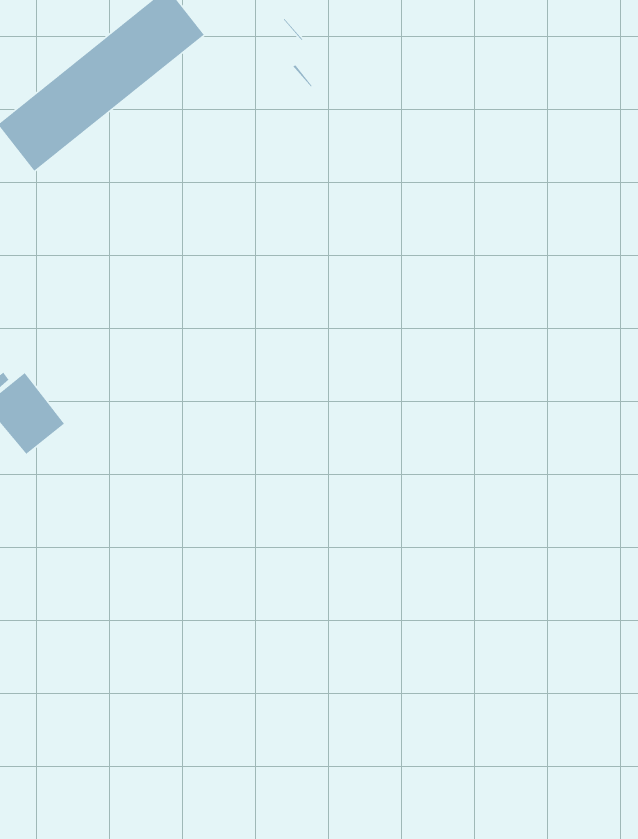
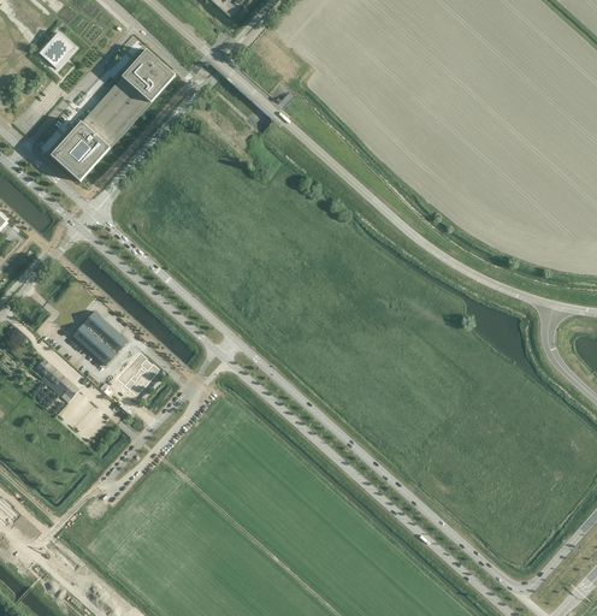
building: none -> [117,353,160,396]

